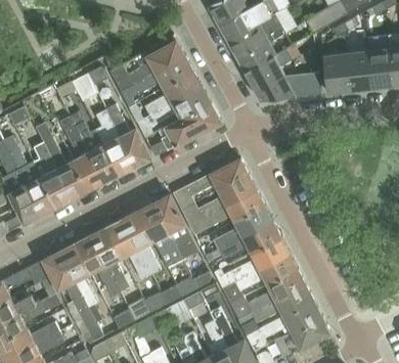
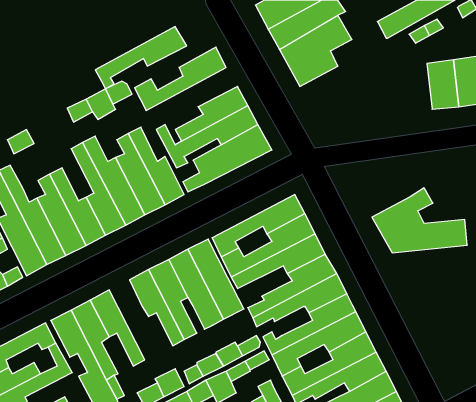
building: [243,48,320,100] -> [372,188,467,253]
building: [322,53,350,93] -> none
building: [120,56,193,106] -> [95,27,187,89]
building: [90,227,129,291] -> none

